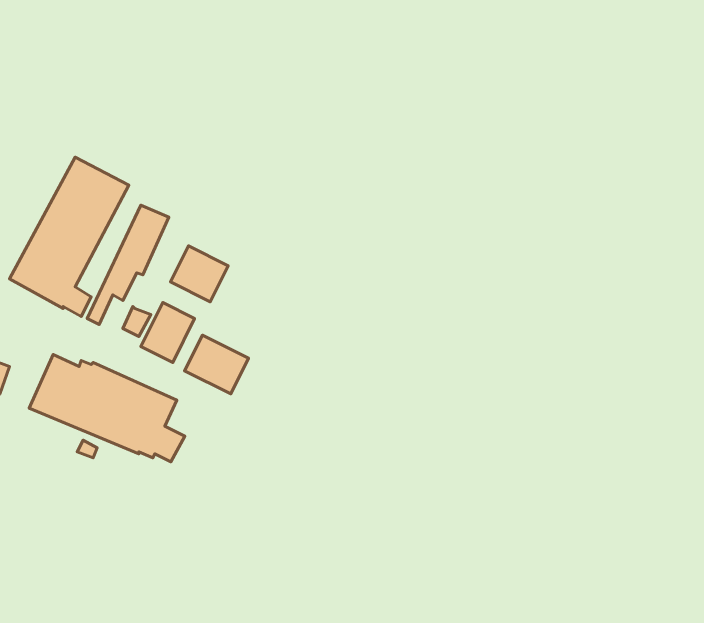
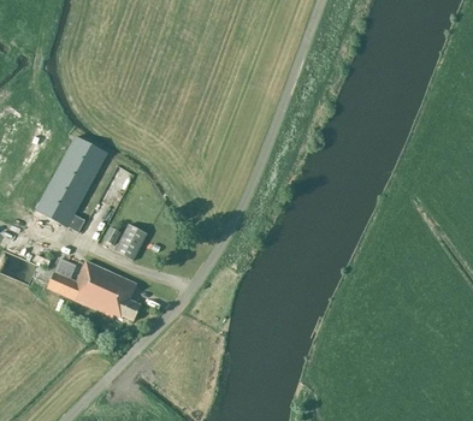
building: [170,246,228,302] -> none
building: [185,335,249,394] -> none

